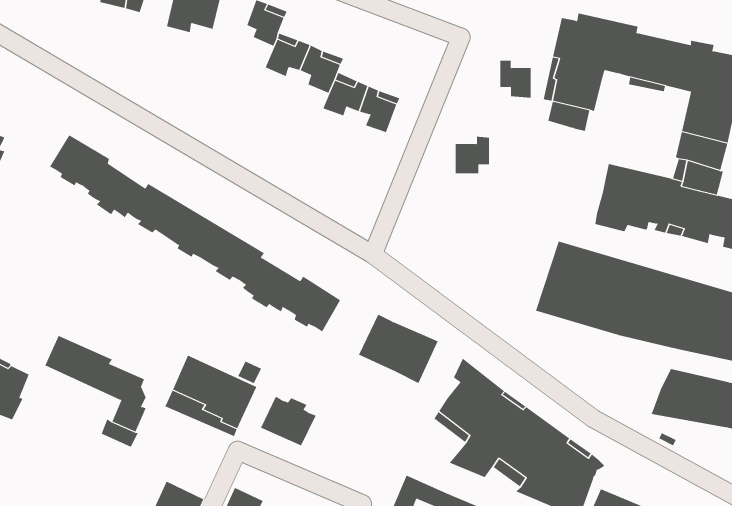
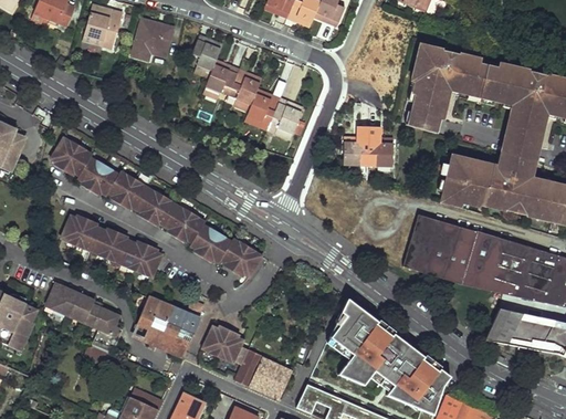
building: [499,60,531,98] -> [368,138,391,166]
building: none -> [61,216,164,280]
building: [358,314,439,384] -> [233,349,292,400]

